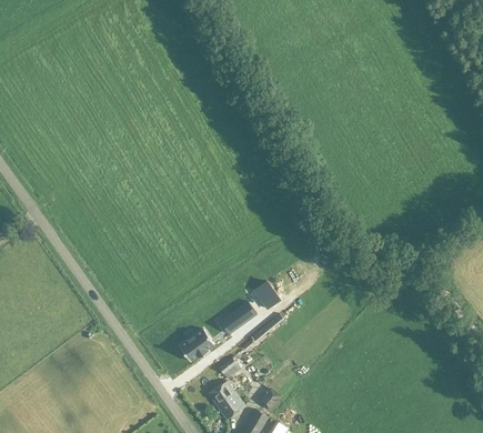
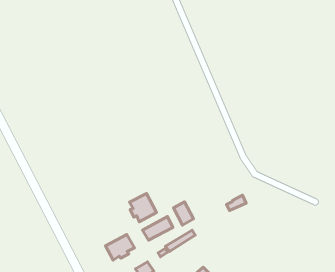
building: none -> [130,194,157,222]

